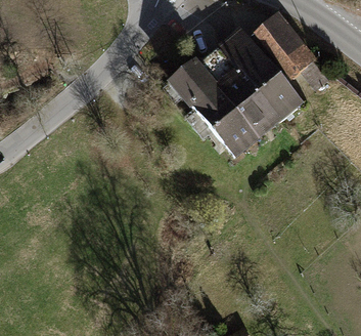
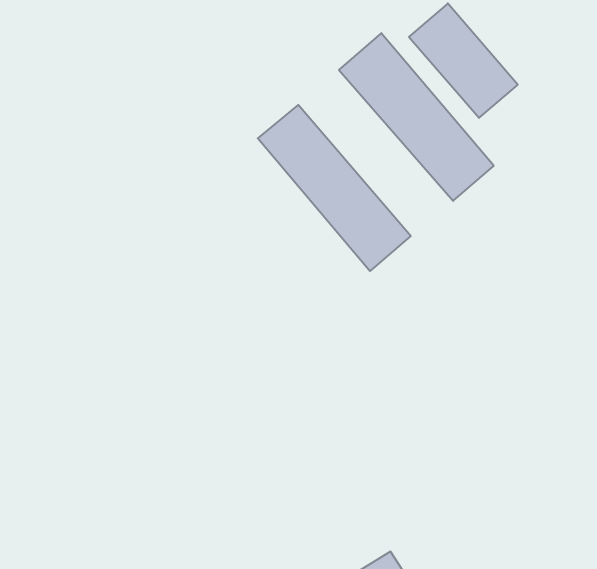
building: [192,48,278,140] -> none

